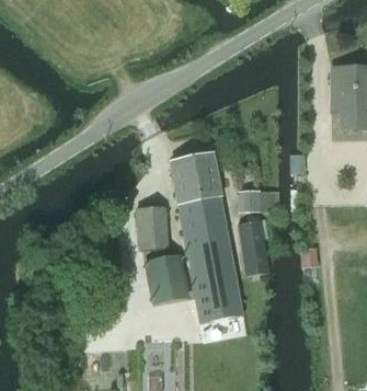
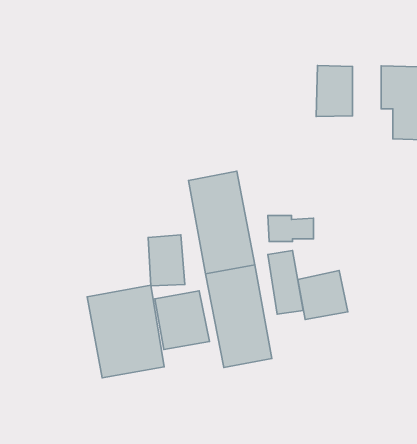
building: none -> [316,66,352,116]
building: none -> [298,270,348,320]
building: none -> [87,285,164,378]

